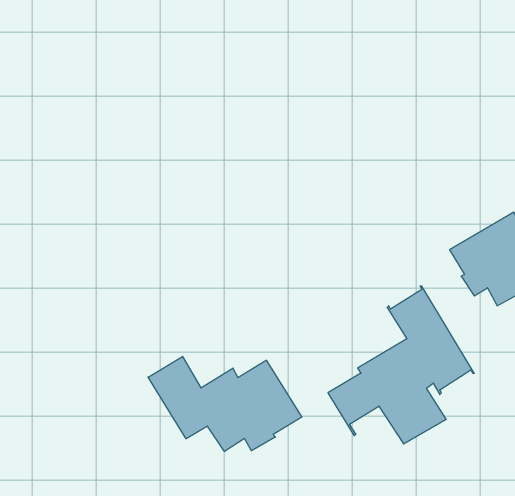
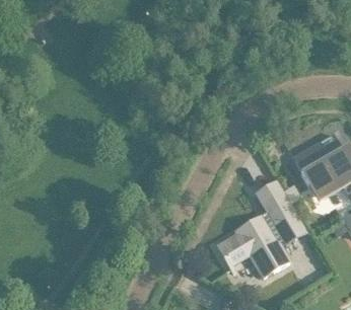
building: [148,356,302,452] -> none

